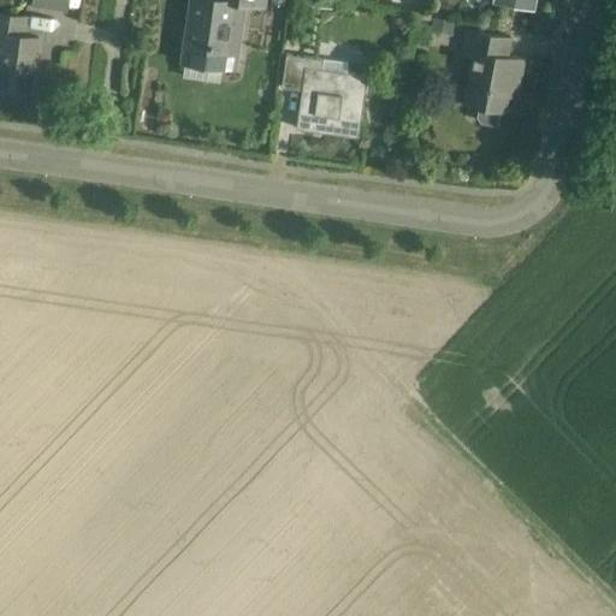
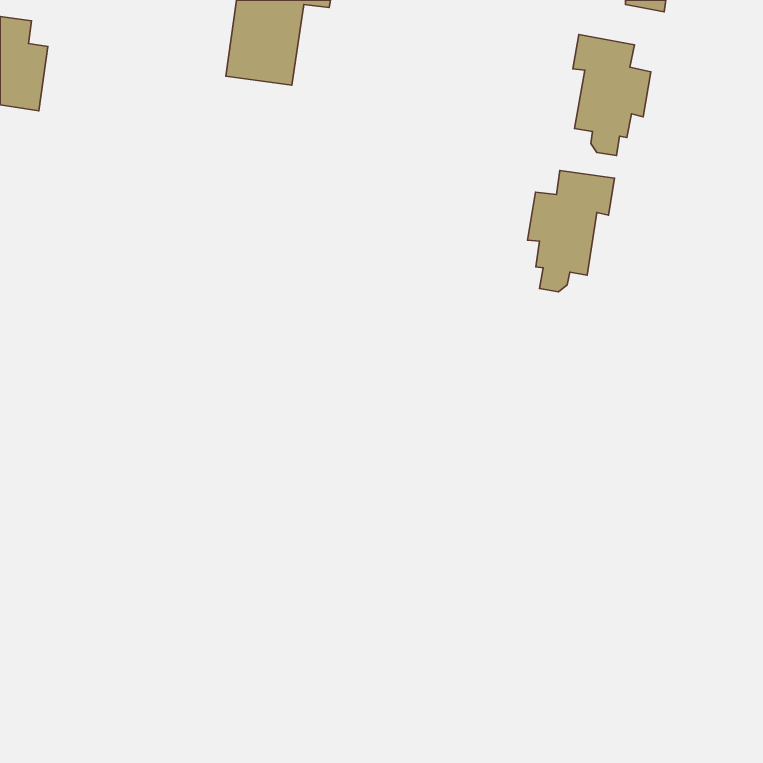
building: [282,54,368,137] -> none
building: none -> [528,170,614,292]

